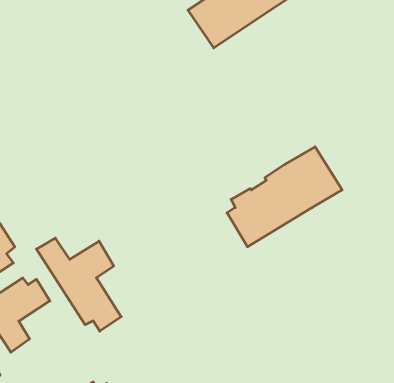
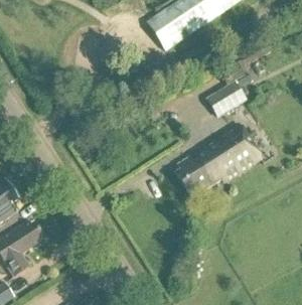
building: none -> [206,68,248,118]
building: [36,238,121,331] -> none

